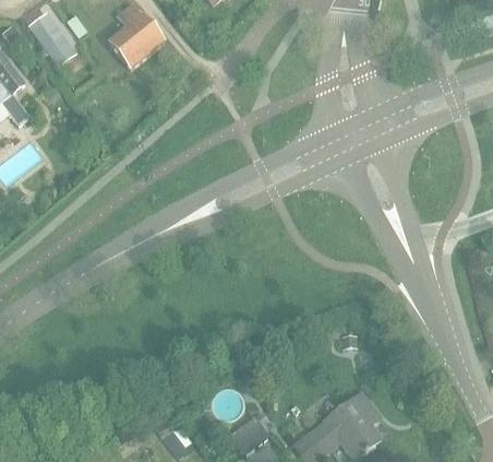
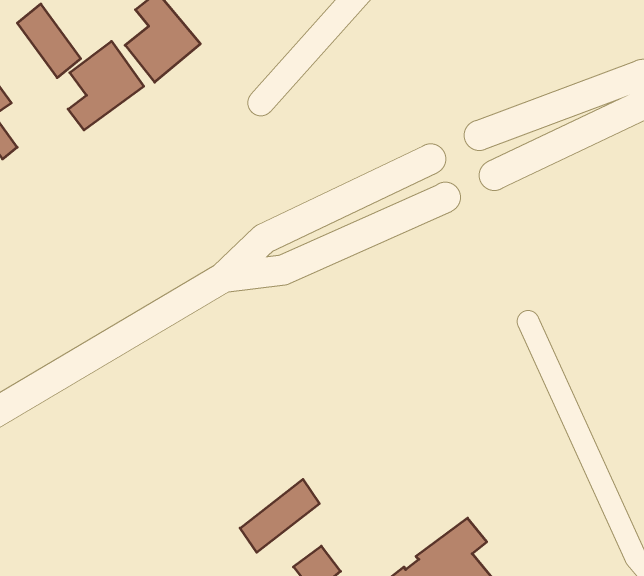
building: none -> [68,41,144,130]
building: none -> [240,479,319,552]

